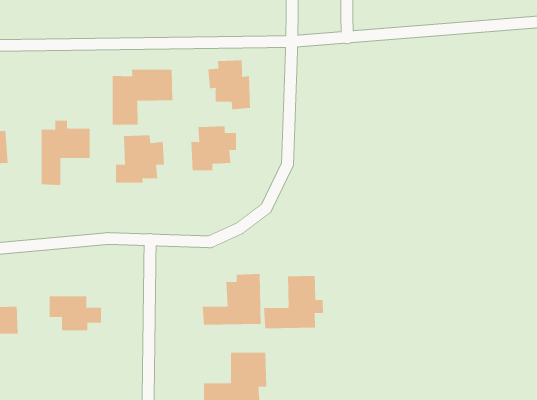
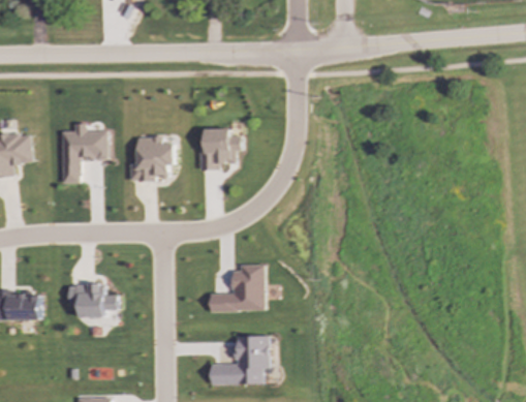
building: [208,59,251,110] -> none
building: [112,69,173,125] -> none
building: [263,275,323,329] -> none

